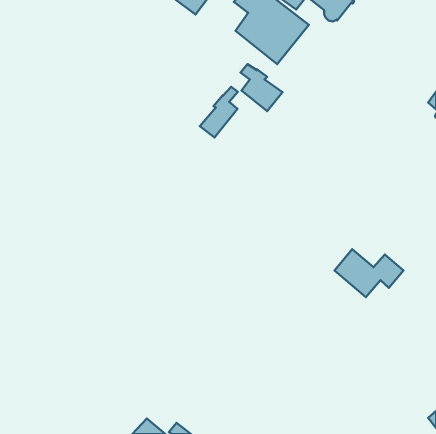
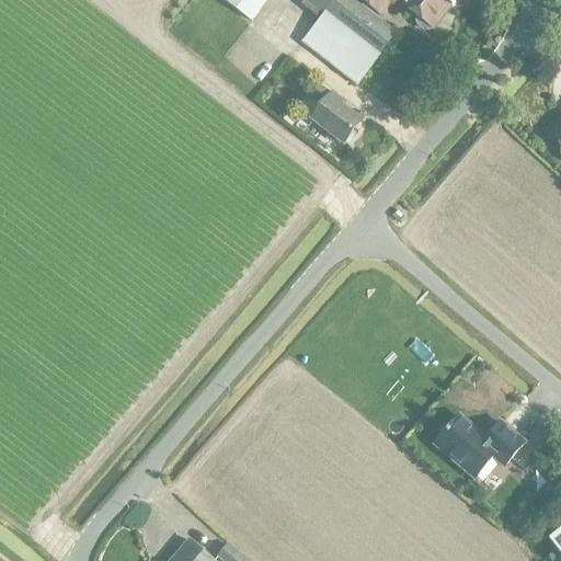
building: [200,87,238,137] -> none
building: [334,249,403,297] -> [435,414,524,476]

